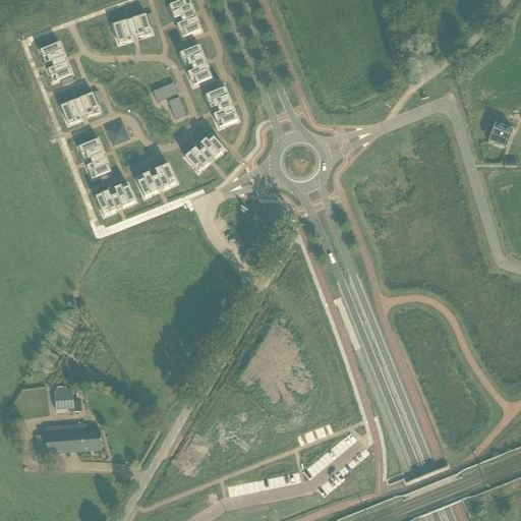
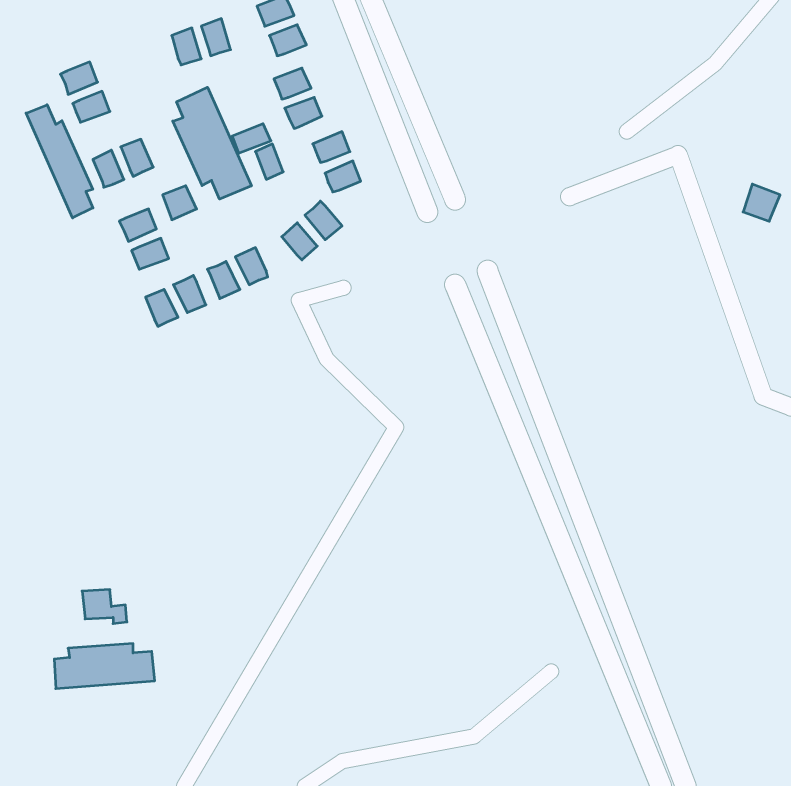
building: none -> [173,87,251,199]
building: none -> [26,105,93,218]

